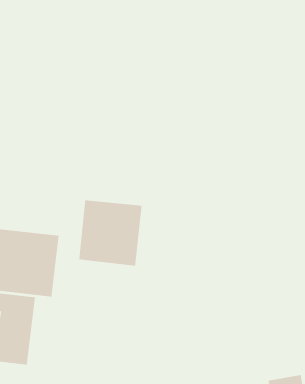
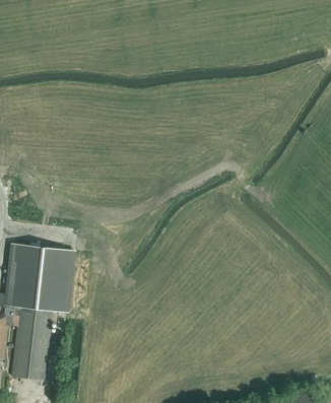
building: [78,200,142,267] -> none

